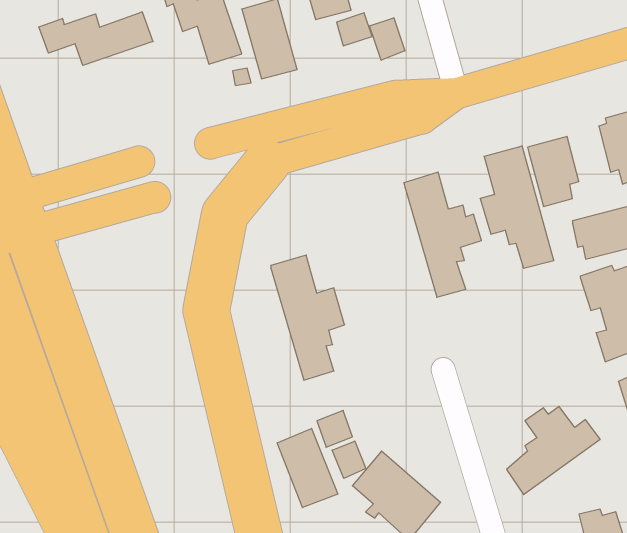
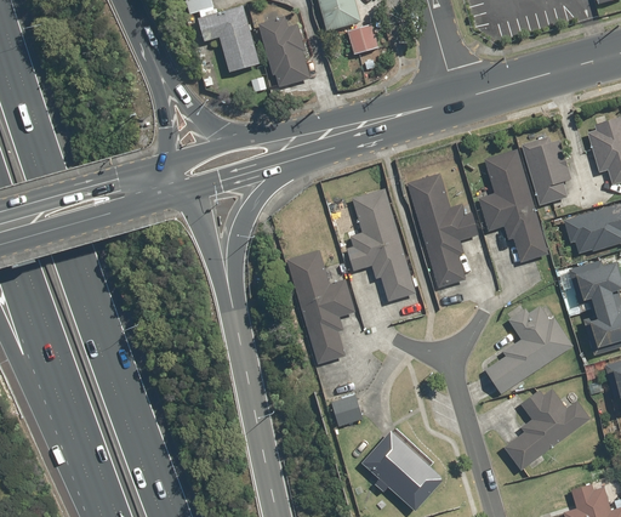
building: [39,12,153,65] -> none
building: [369,18,405,60] -> none
building: none -> [346,189,415,302]
building: none -> [483,306,572,393]
building: [277,428,338,508] -> none
building: [332,441,366,478] -> none

